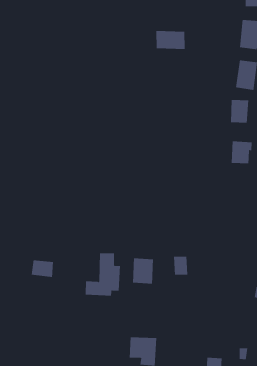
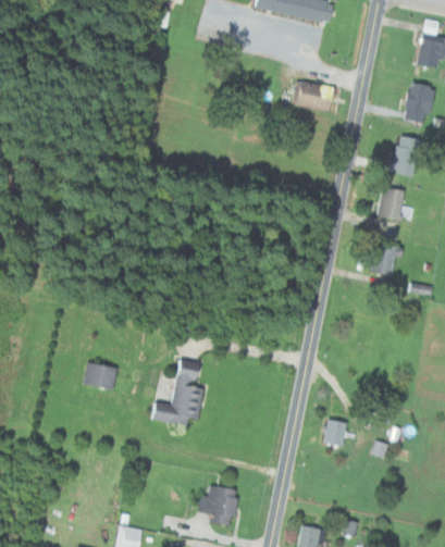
building: [173,256,188,275] -> [325,419,346,446]
building: [133,257,154,284] -> none

